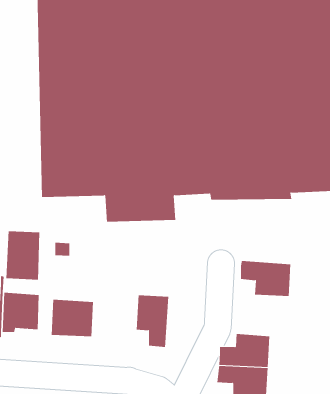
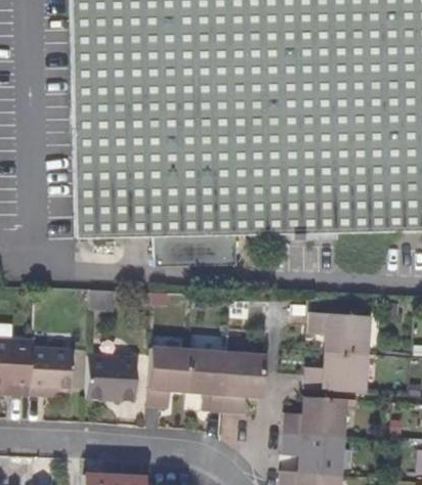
building: [6,231,40,280] -> none
building: none -> [146,349,188,409]
building: none -> [304,351,366,392]
building: none -> [221,353,264,414]

